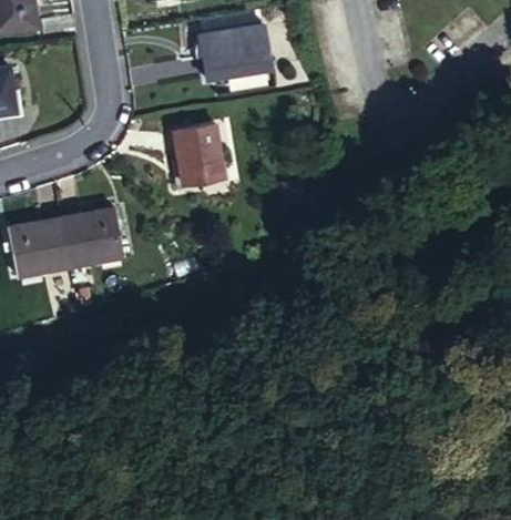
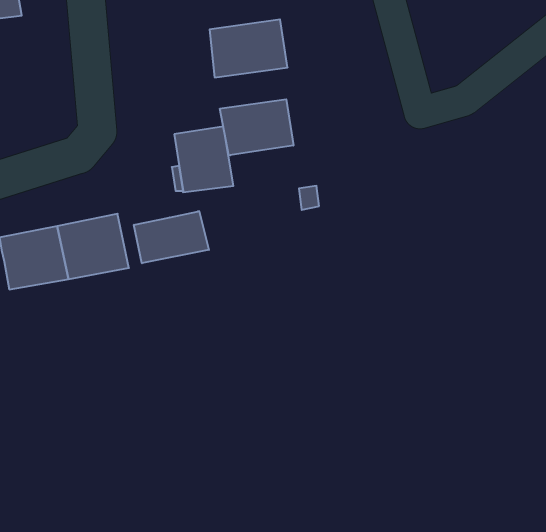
building: none -> [220,99,293,156]
building: none -> [134,211,209,263]

